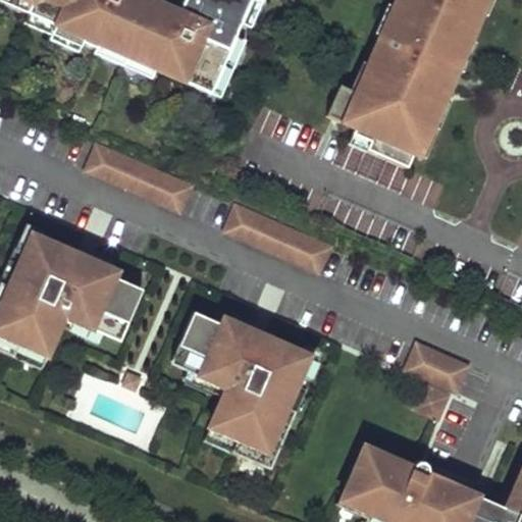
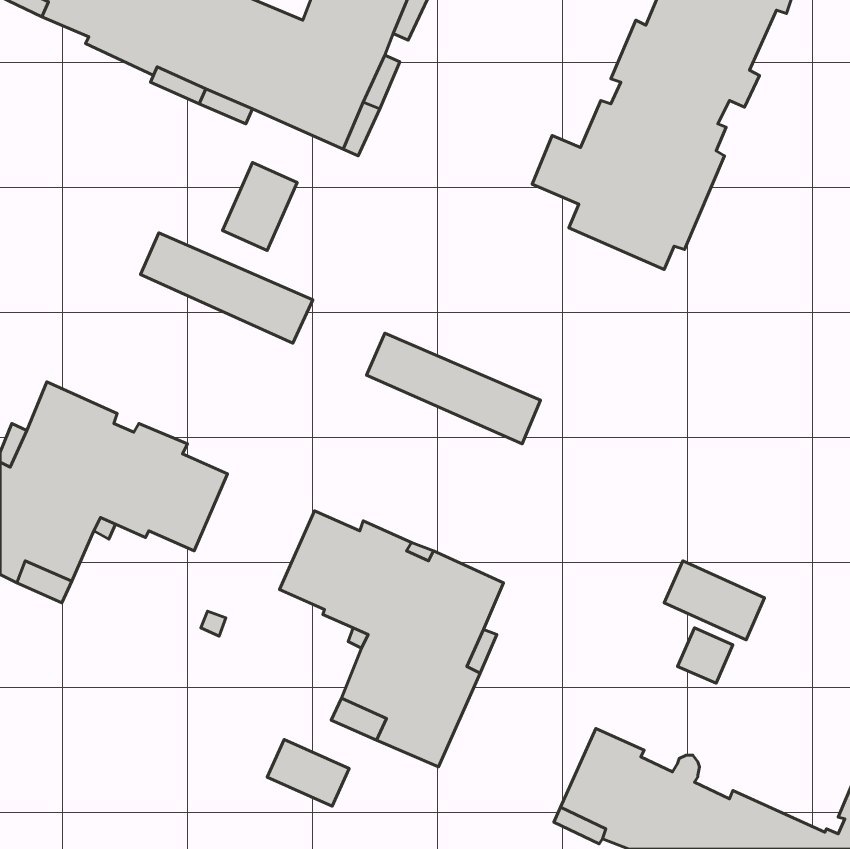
building: none -> [222,162,297,251]
building: none -> [267,740,349,806]

